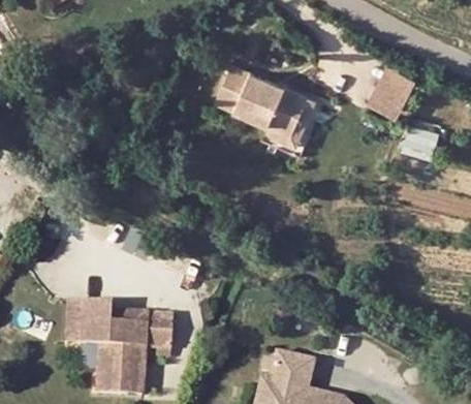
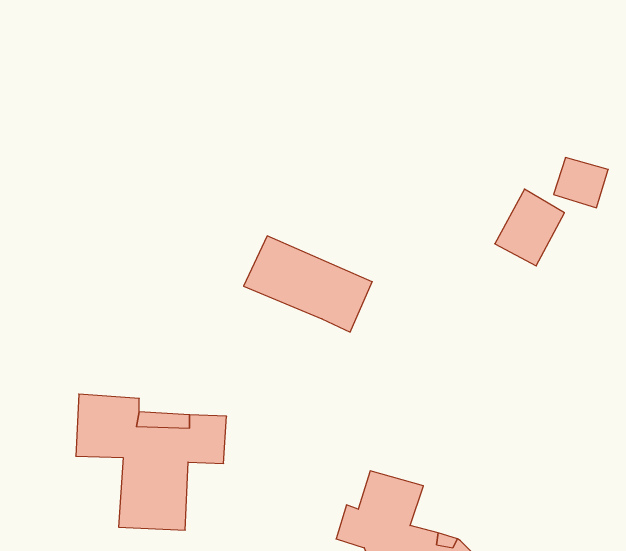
building: [363,74,411,128] -> [495,189,564,266]
building: [216,75,306,143] -> [244,236,372,332]

